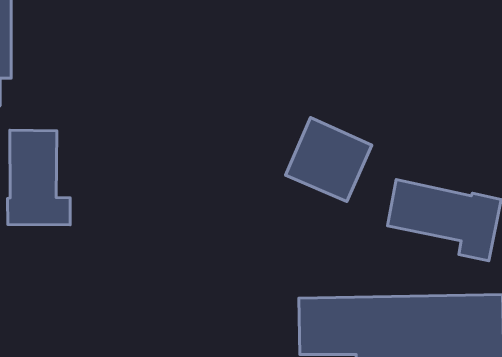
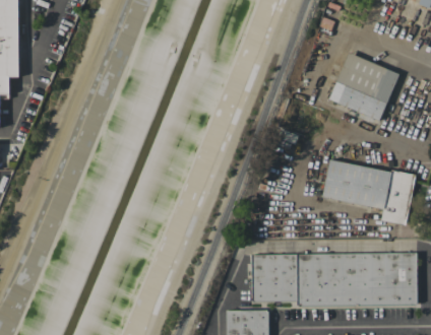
building: [286,118,372,201] -> [329,53,399,121]
building: [8,130,70,225] -> none

